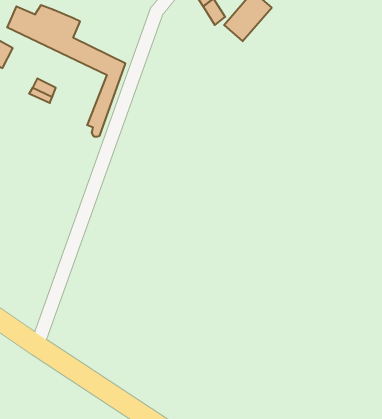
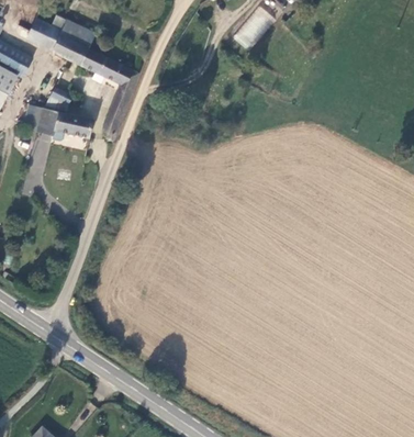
building: none -> [36,107,94,137]

